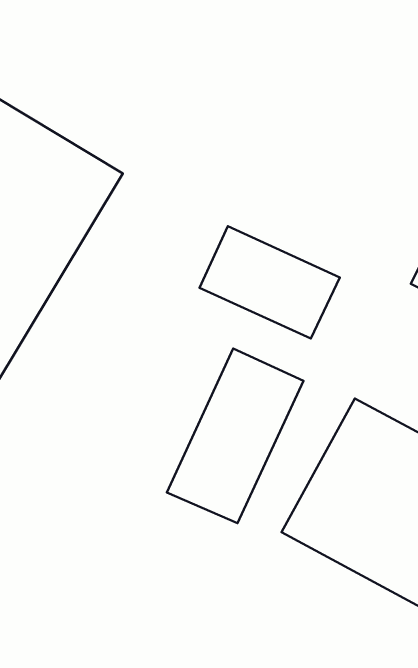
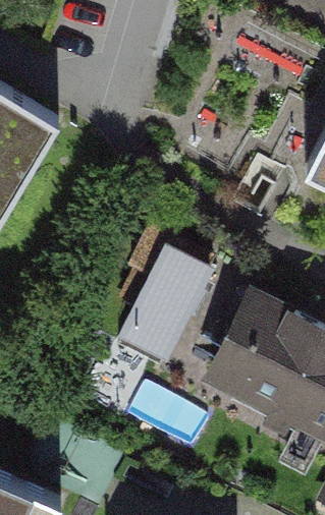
building: [200,226,340,338] -> none

